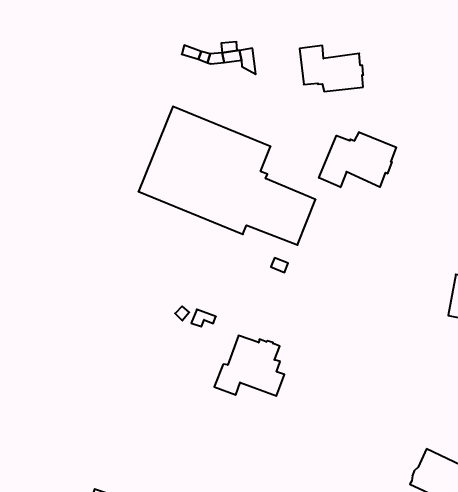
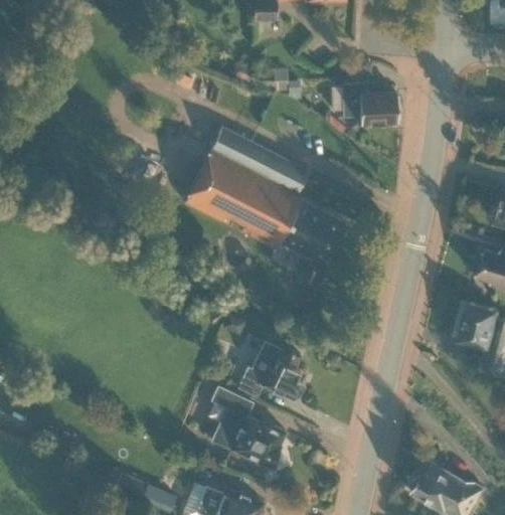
building: [319,132,396,187] -> none
building: none -> [211,386,286,468]

